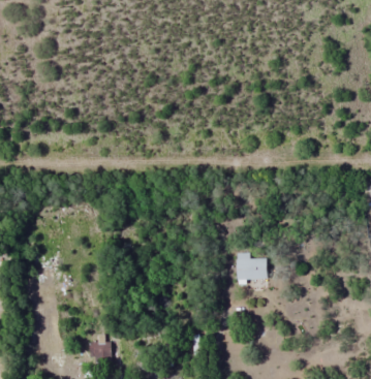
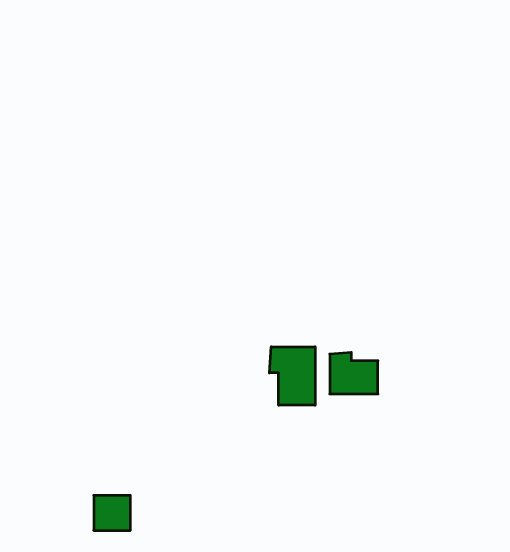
building: none -> [269,347,315,405]

